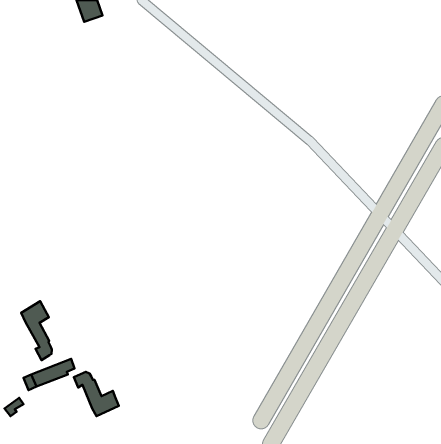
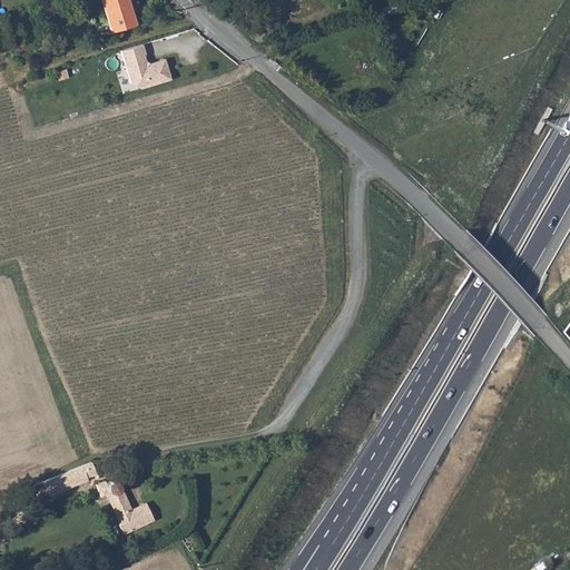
building: none -> [121,45,170,89]
building: [21,301,52,360] -> none

